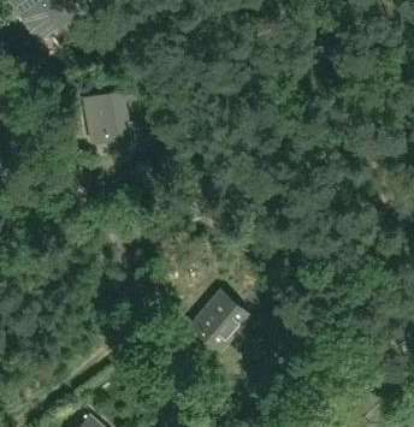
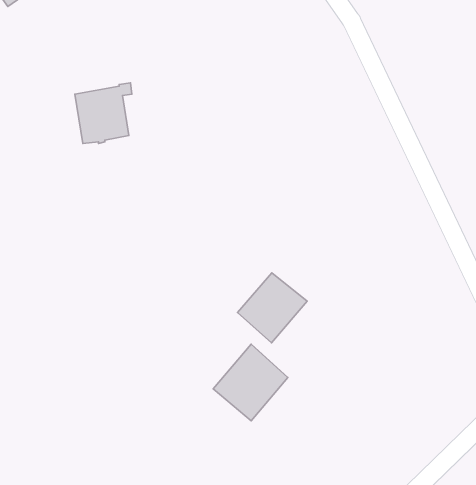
building: none -> [237,273,307,343]

